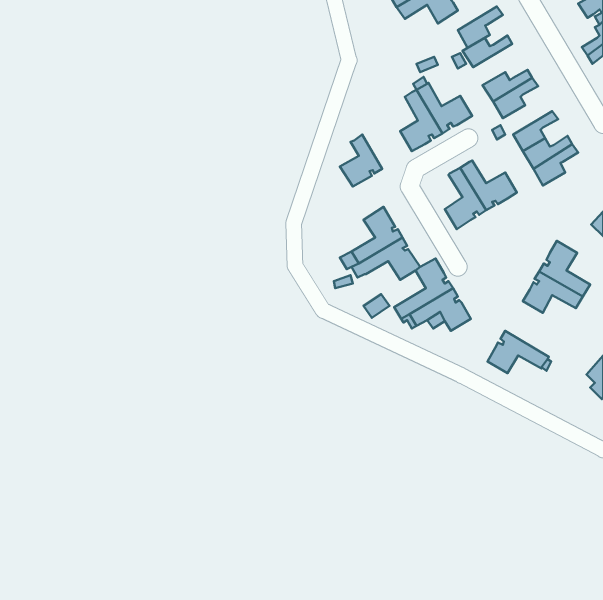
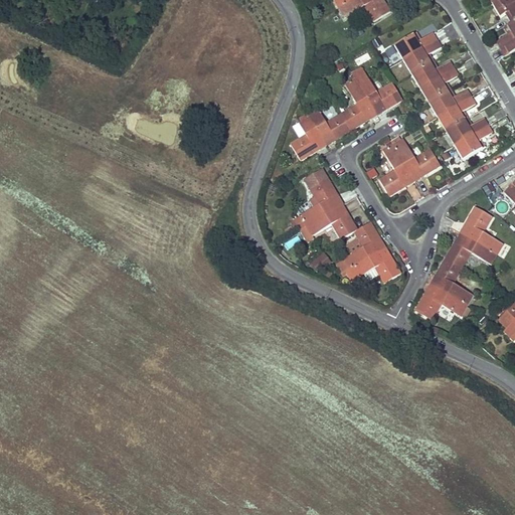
building: [458,7,503,48] -> [403,37,442,72]
building: none -> [428,88,471,115]
building: none -> [309,109,351,144]
building: none -> [431,256,474,304]

